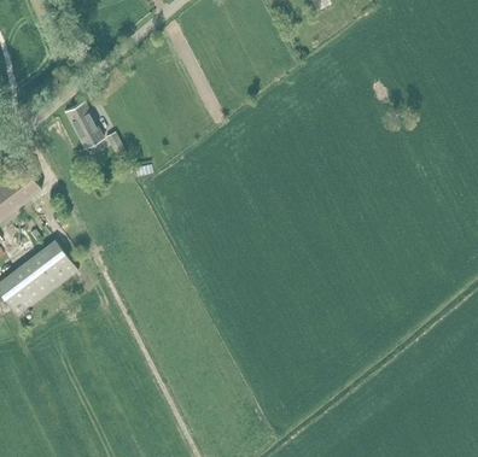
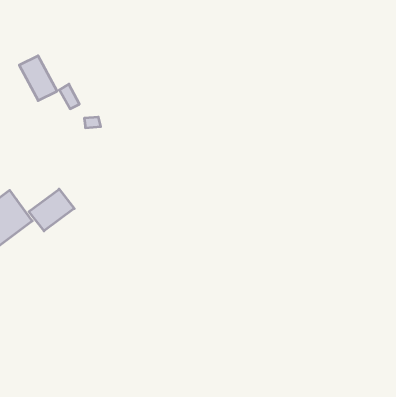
building: none -> [29,189,74,231]

